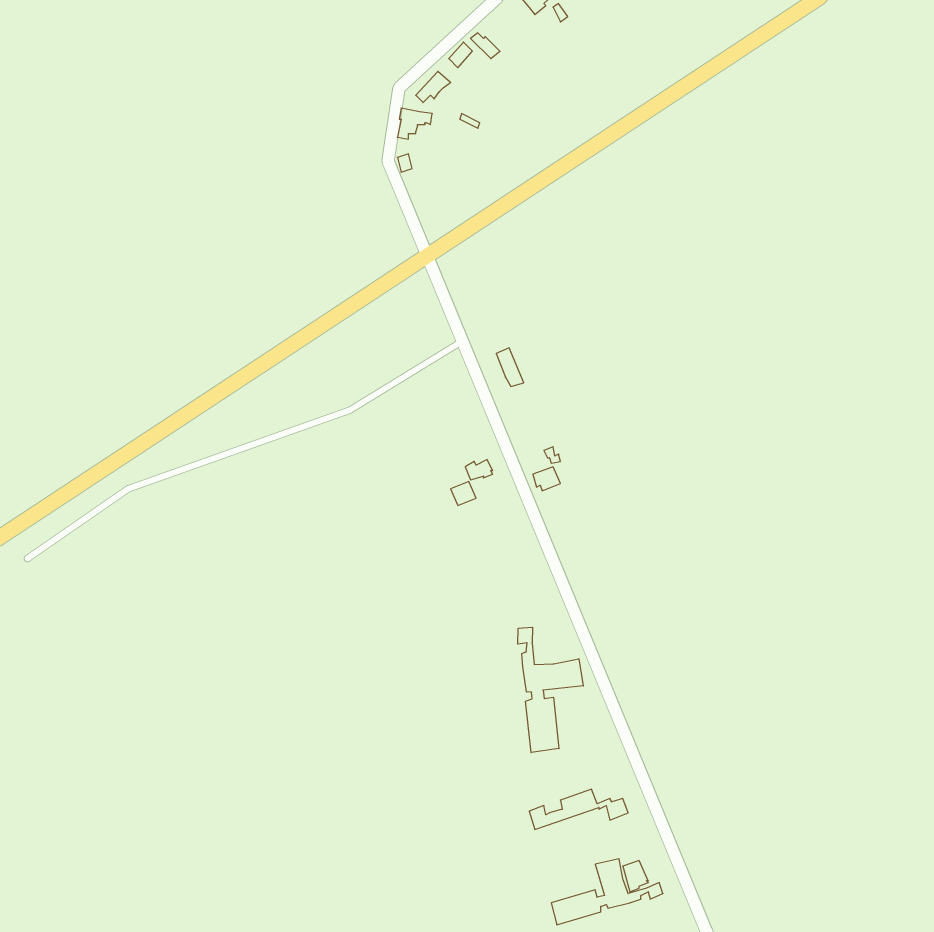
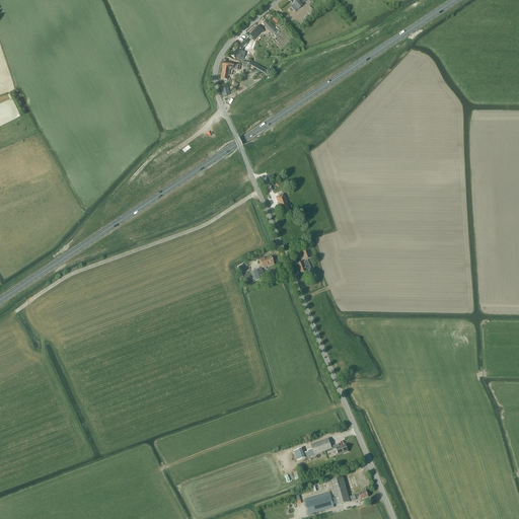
building: [518,627,583,753] -> none

